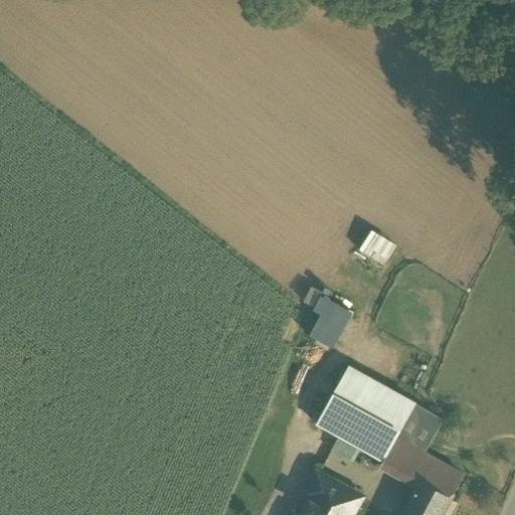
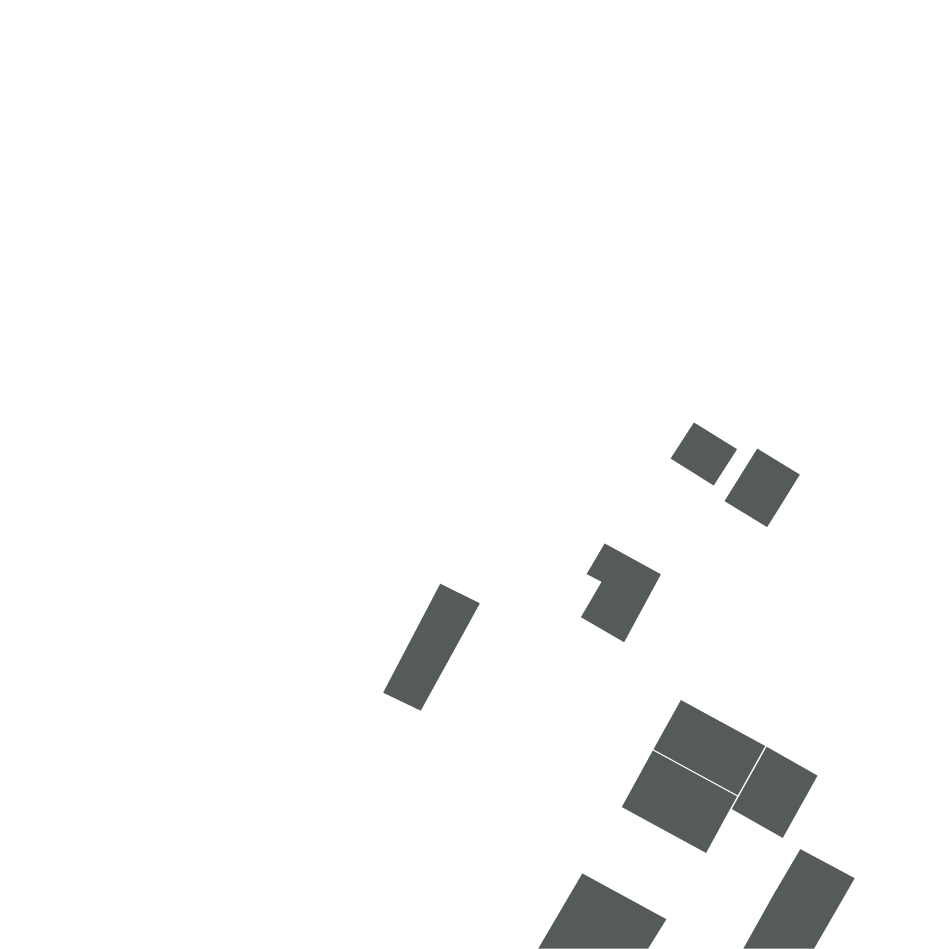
building: none -> [724,448,801,528]
building: [314,366,367,436] -> [382,583,481,711]
building: [381,437,432,480] -> none

